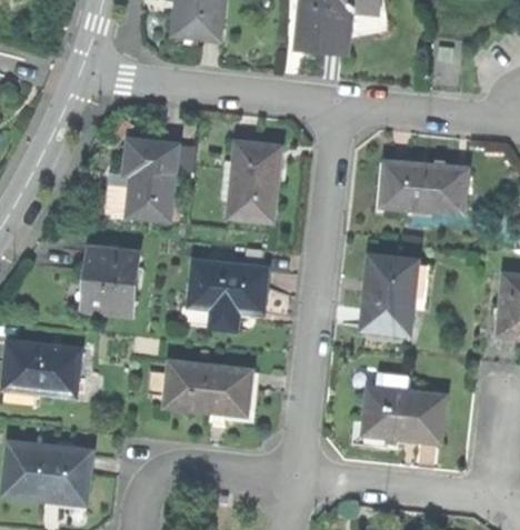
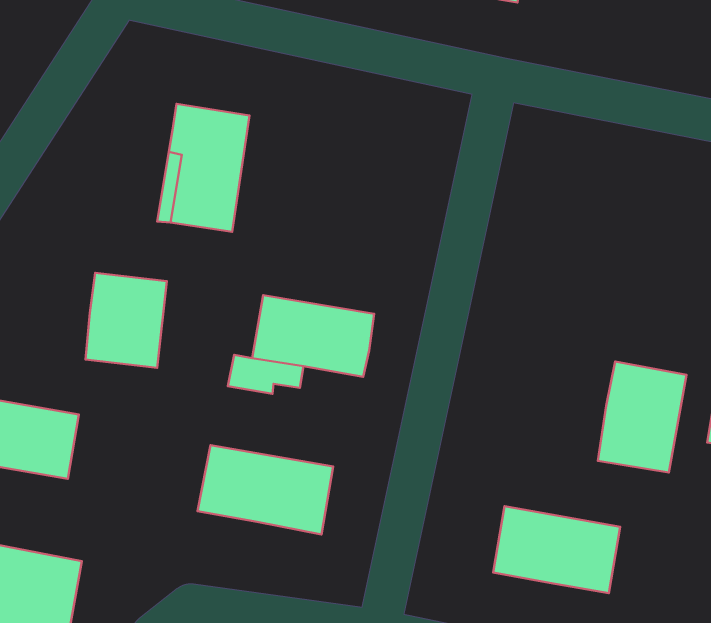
building: [230,143,280,222] -> none
building: [380,161,468,213] -> none
building: [362,259,416,329] -> [598,361,686,472]

